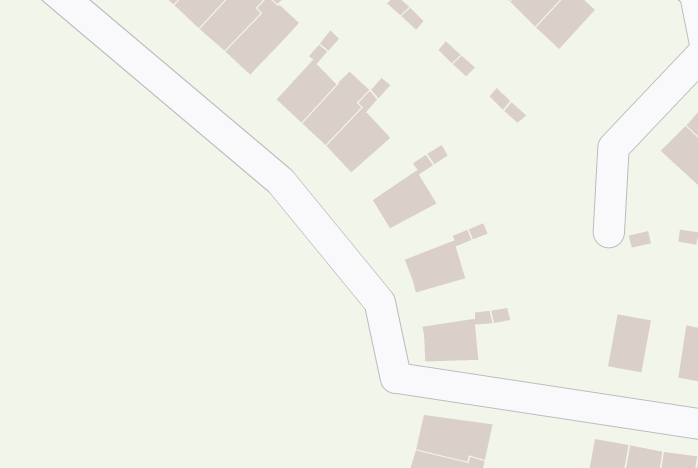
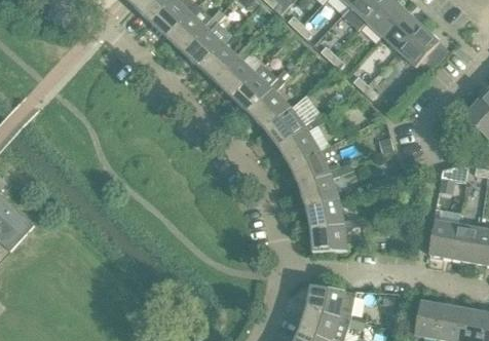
building: none -> [398,26,439,67]
building: none -> [199,43,239,83]
building: none -> [264,108,306,148]
building: none -> [289,150,330,186]
building: none -> [305,198,343,229]
building: none -> [451,225,479,262]

